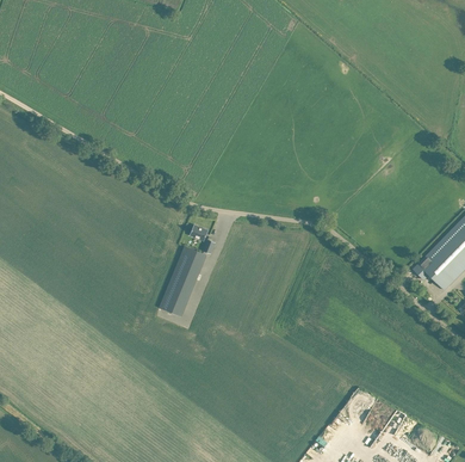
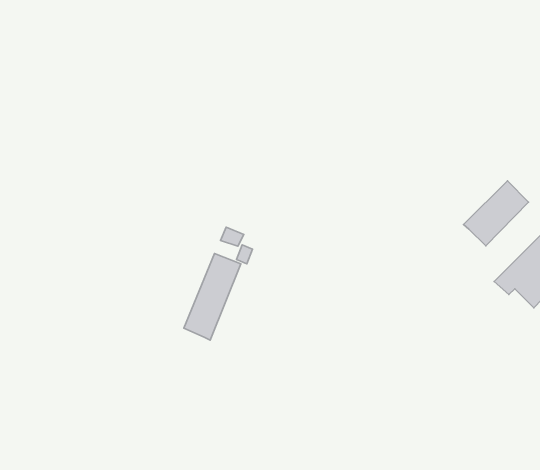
building: none -> [464,181,529,246]

